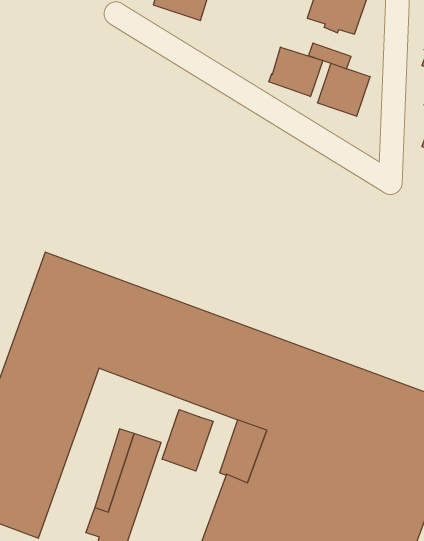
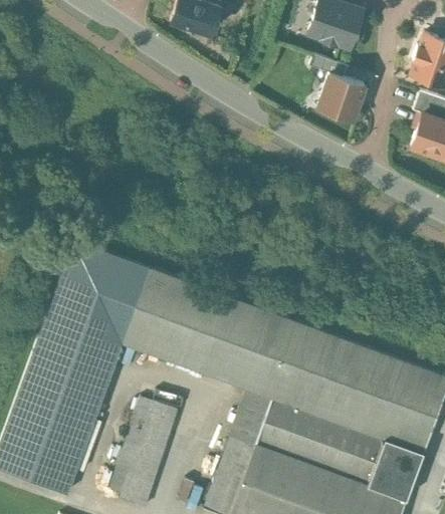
building: [269,47,323,97] -> none
building: [162,410,213,471] -> none

